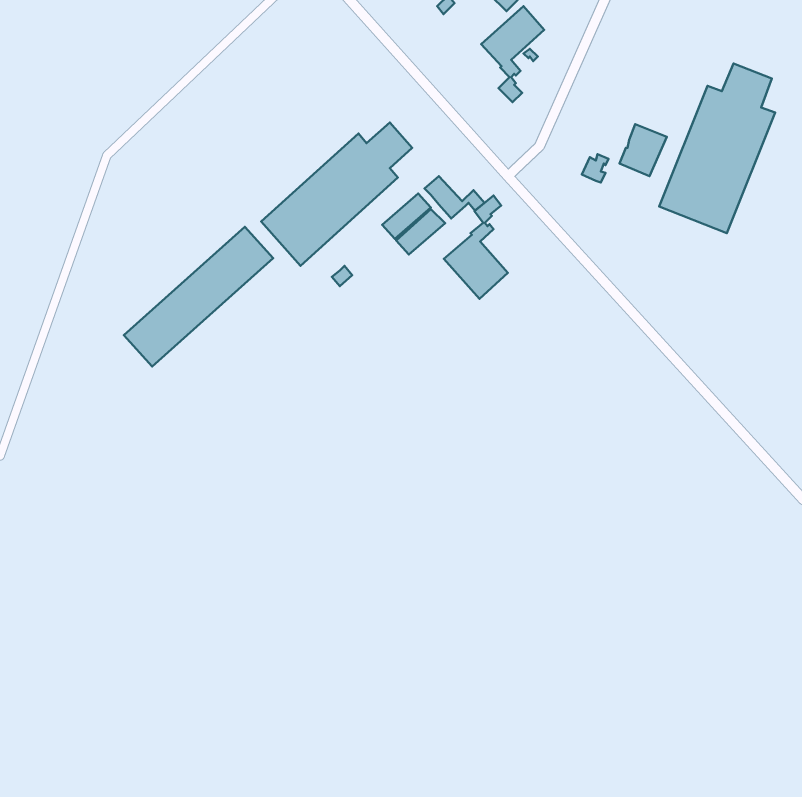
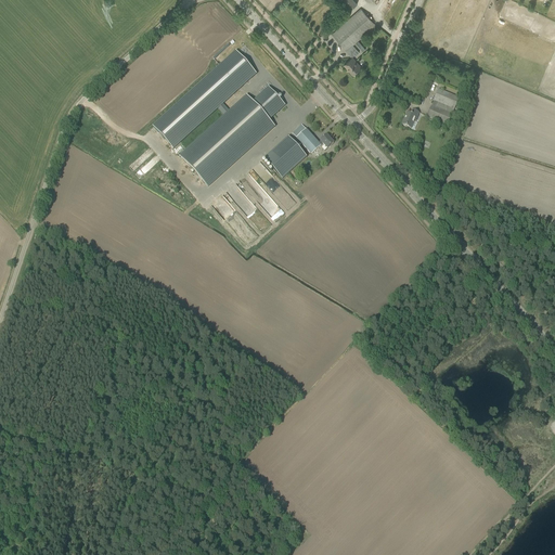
building: [659,64,775,233] -> none
building: [444,196,508,299] -> none
building: [124,227,273,367] -> [154,49,257,145]

